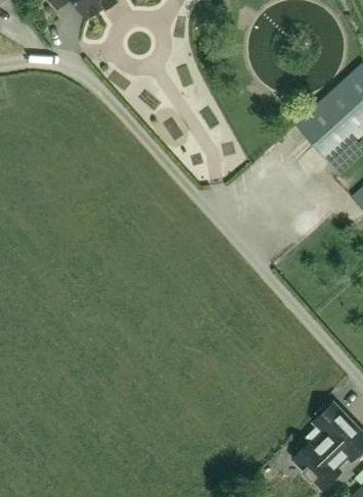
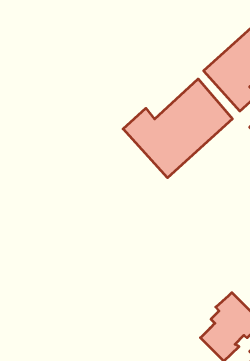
building: none -> [123,79,232,178]

